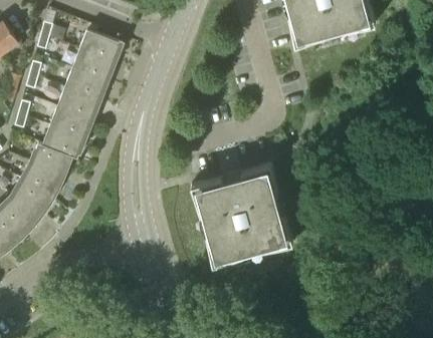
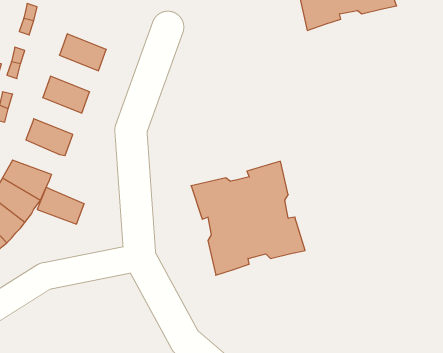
building: [78,31,122,64] -> none
building: [63,69,106,102] -> none
building: [48,107,91,140] -> none
building: [29,143,71,177] -> [37,187,84,224]

